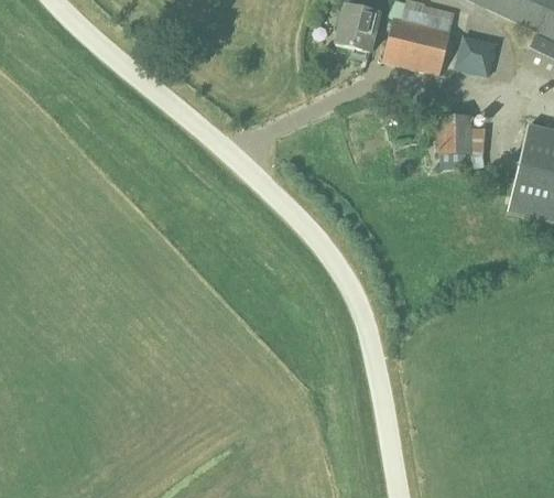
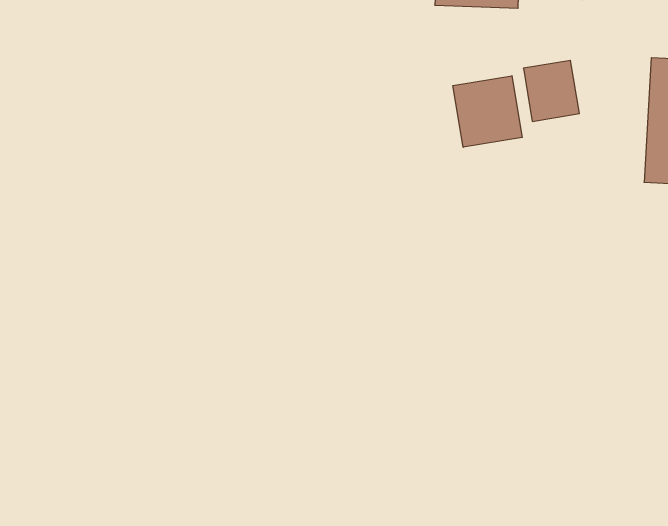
building: none -> [453,76,522,147]

